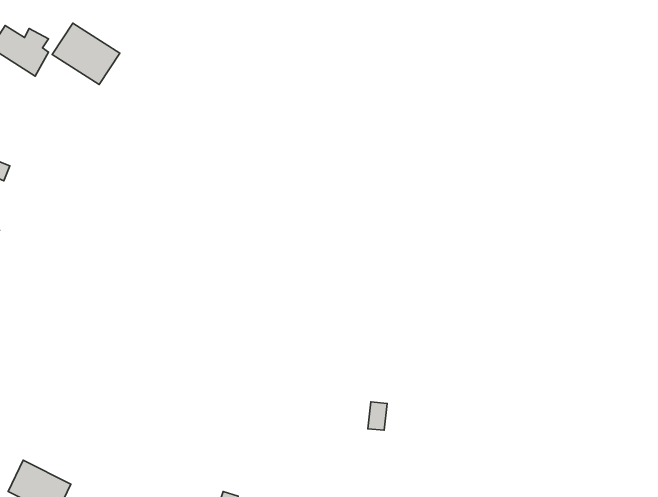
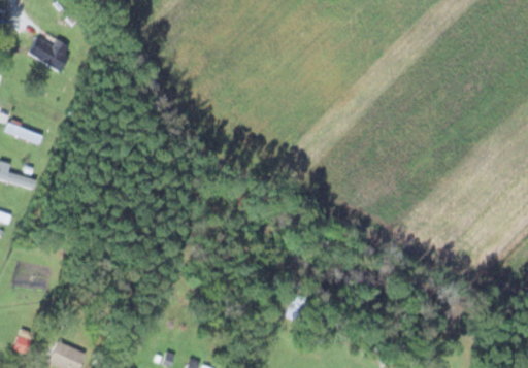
building: [52,23,120,84] -> none

